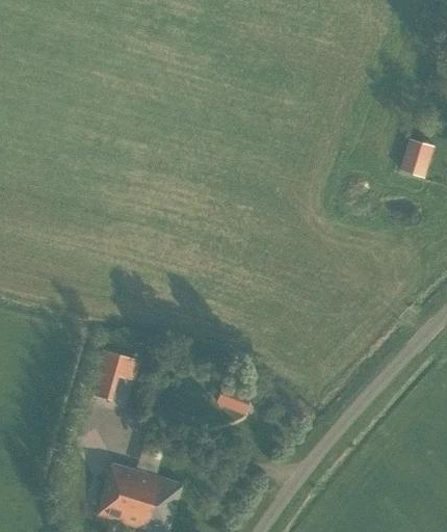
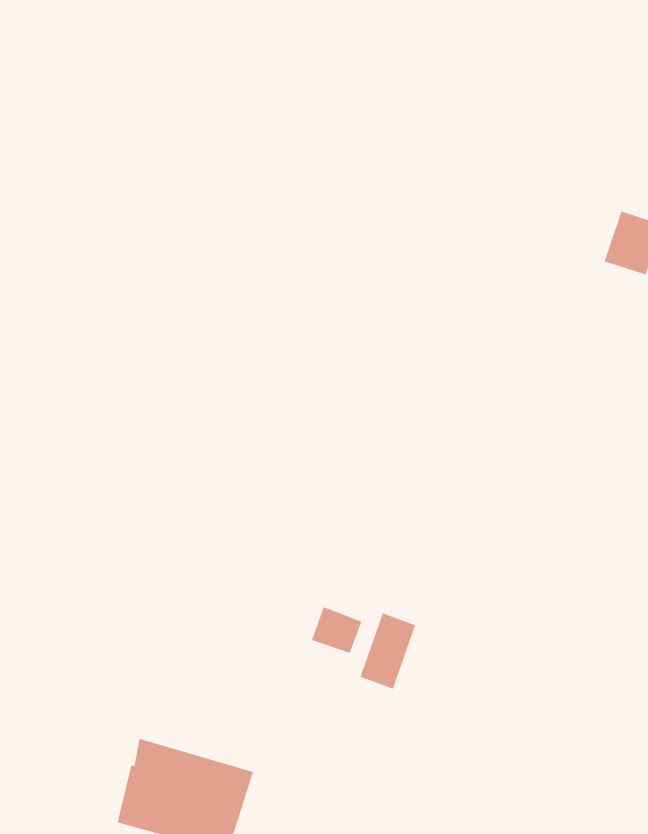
building: [91,349,125,398] -> none
building: none -> [360,612,416,690]

